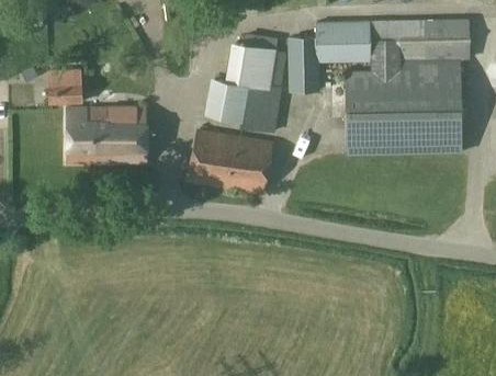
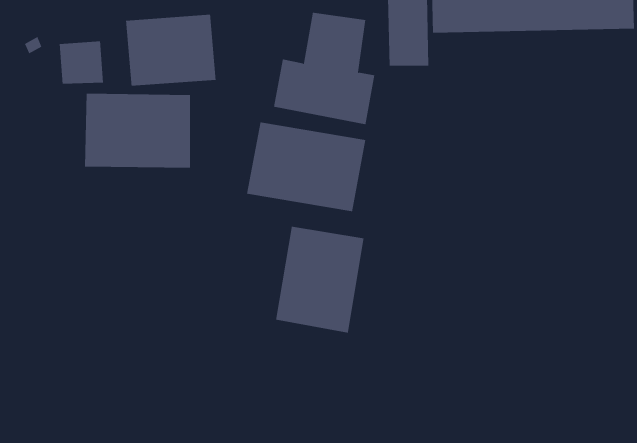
building: none -> [125,14,216,87]
building: [345,61,463,156] -> none
building: none -> [276,226,364,333]

